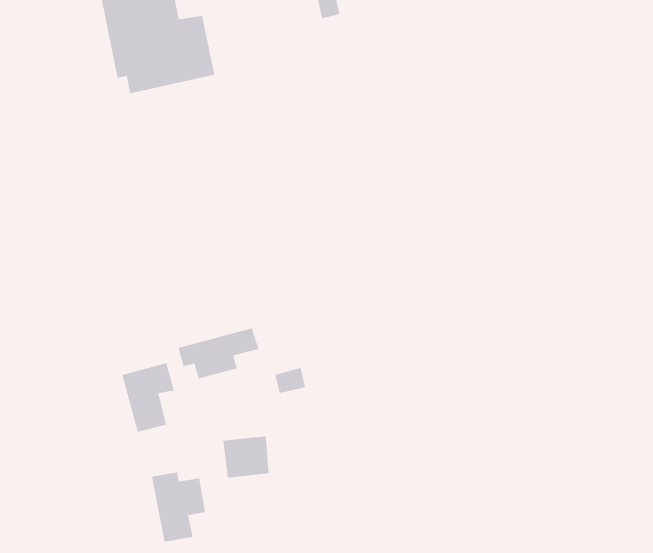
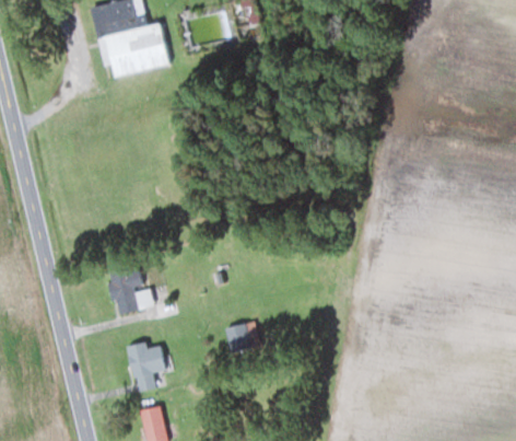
building: [178,328,259,379] -> none
building: [223,436,269,478] -> [226,323,259,352]

